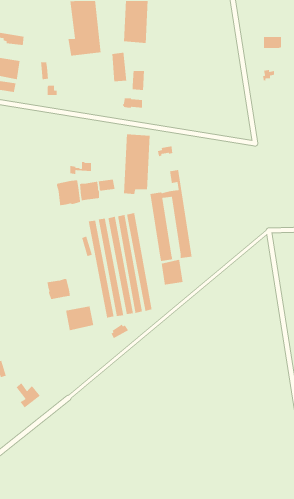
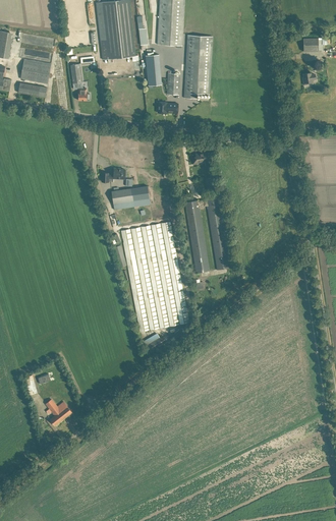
building: [123,133,151,195] -> [183,35,212,99]
building: [56,179,81,206] -> none
building: [161,259,184,285] -> none
building: [46,278,71,300] -> none
building: [65,305,94,331] -> none

